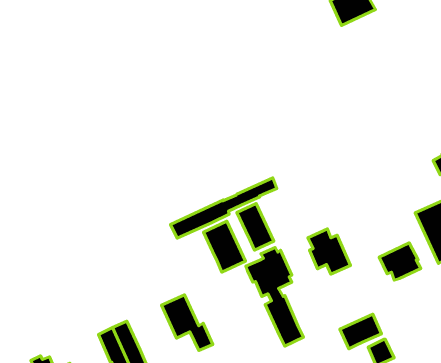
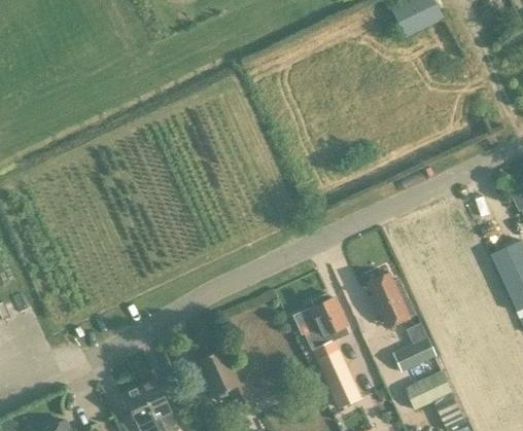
building: [171,178,277,238] -> none
building: [237,203,274,250] -> none
building: [203,221,246,272] -> none
building: [379,243,421,280] -> [391,336,440,380]

